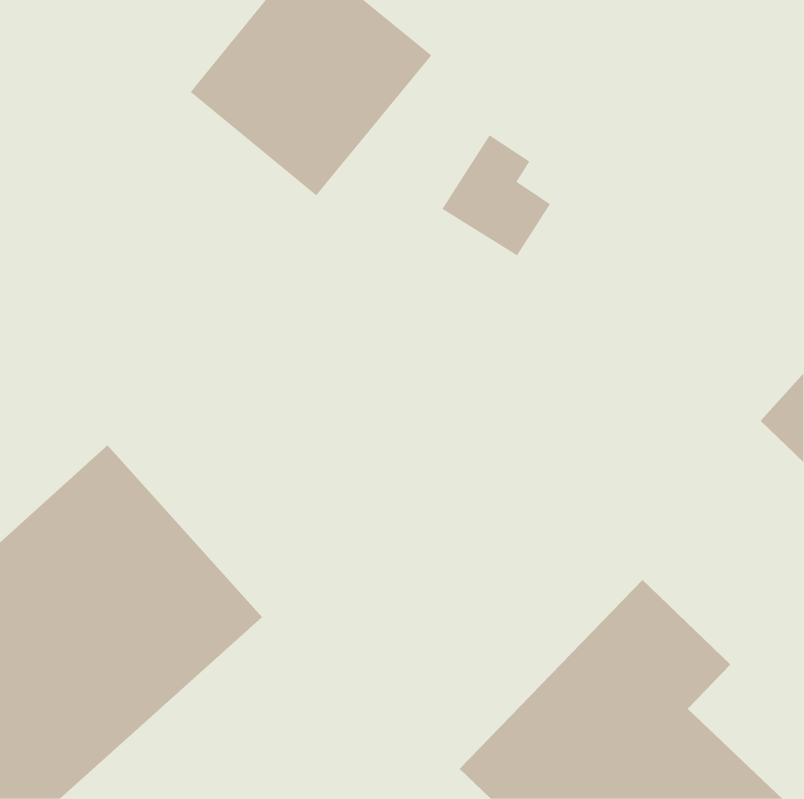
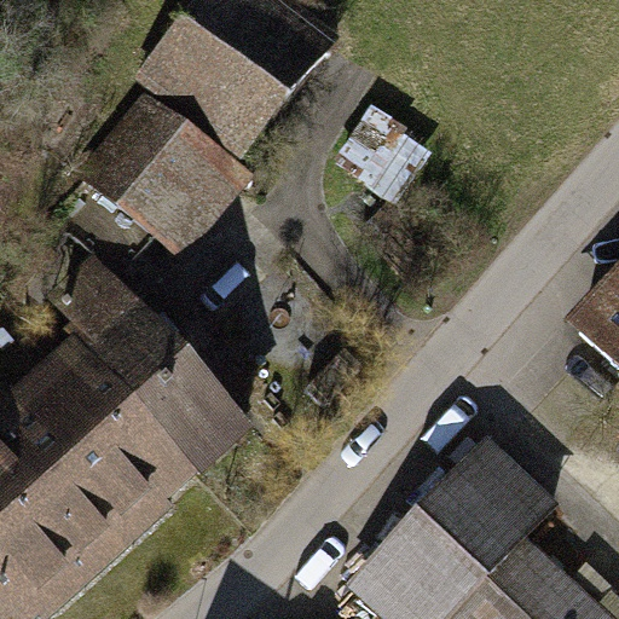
building: none -> [76,94,243,256]
building: none -> [46,255,249,472]

